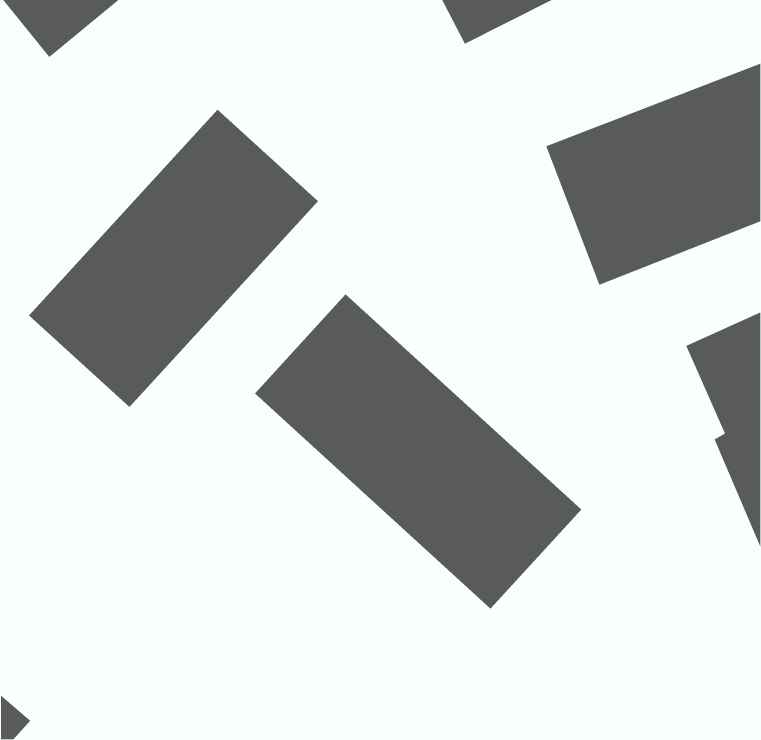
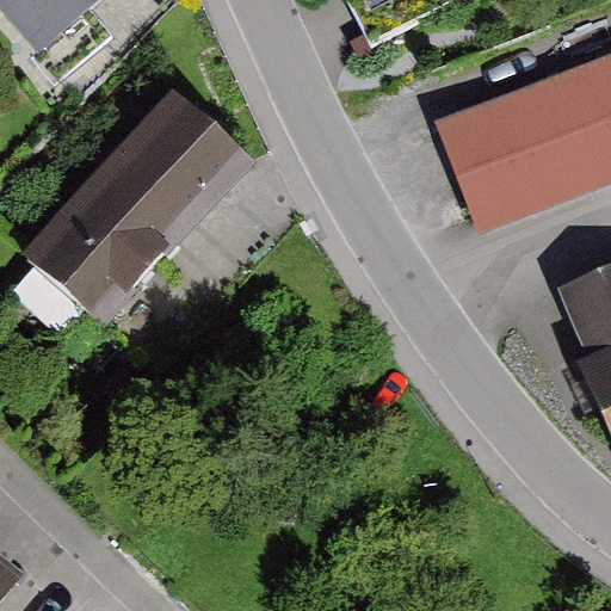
building: [254,293,582,609] -> none

